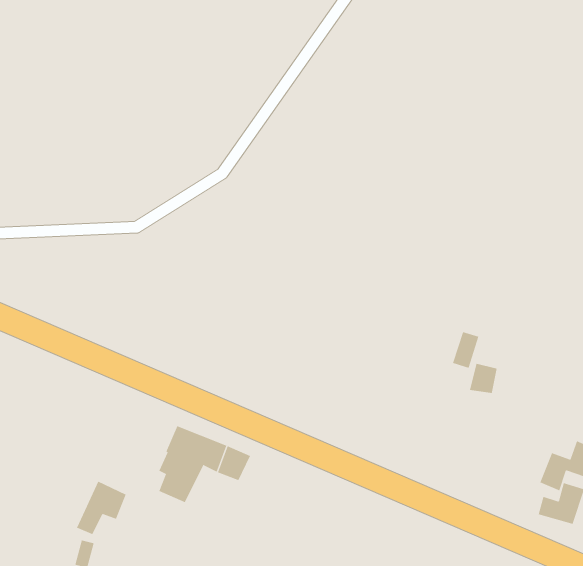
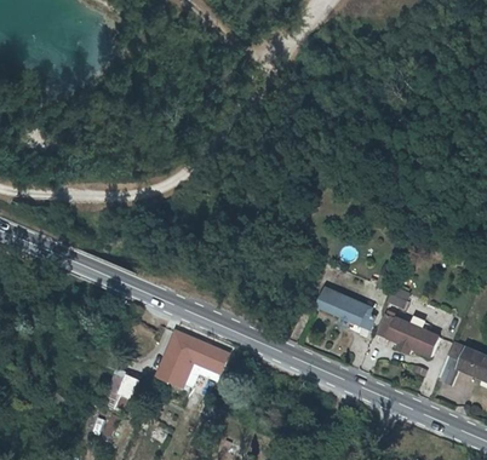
building: none -> [316,286,367,322]
building: none -> [380,312,439,352]

